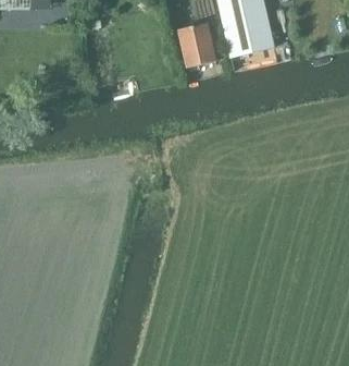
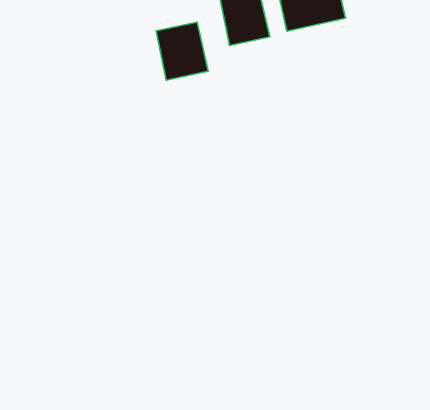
building: none -> [156,22,208,80]

